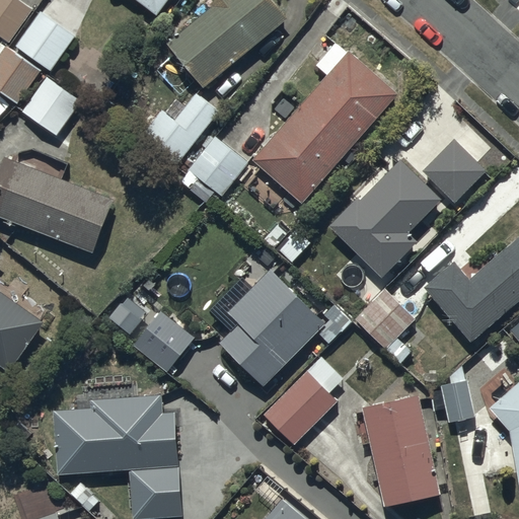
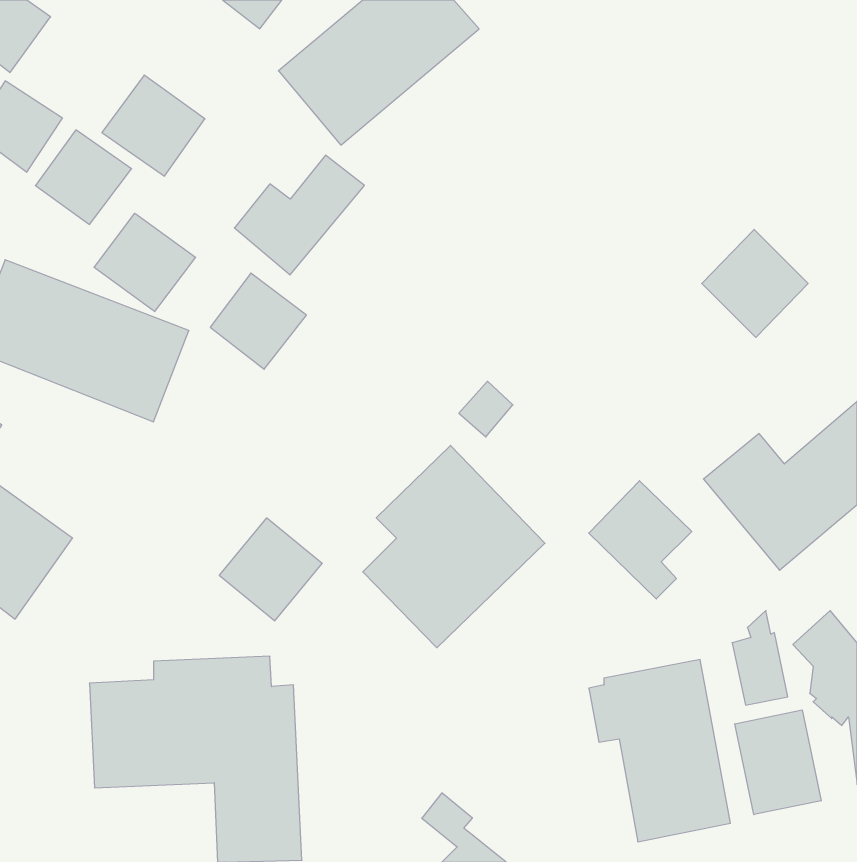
building: [12,11,74,72] -> [102,75,205,176]
building: [254,52,398,205] -> none
building: none -> [94,213,196,312]
building: [189,136,246,194] -> [210,273,306,369]
building: [328,159,441,278] -> none
building: [263,357,344,445] -> none
building: none -> [735,710,821,815]

